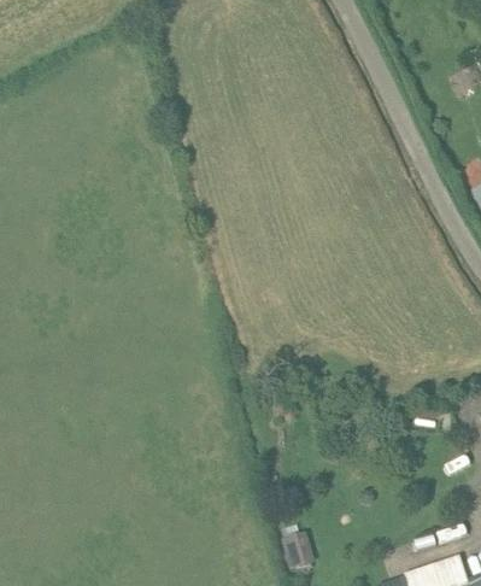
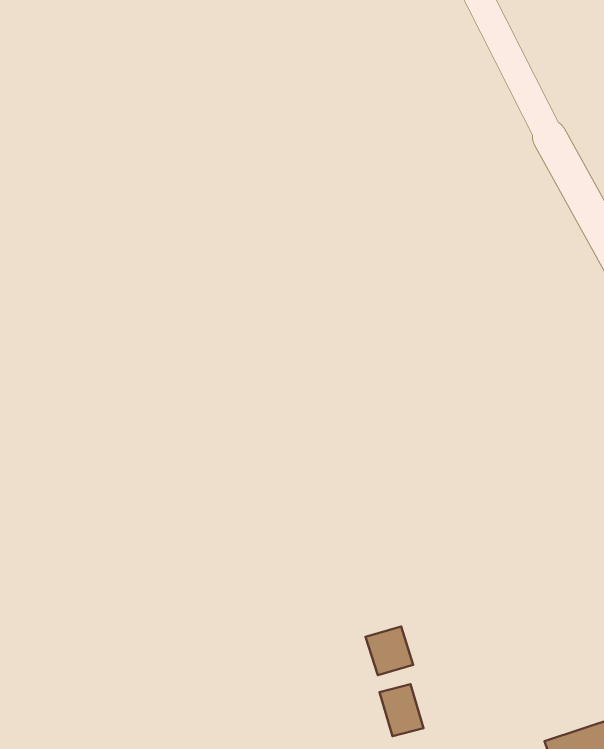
building: none -> [366,626,413,675]

